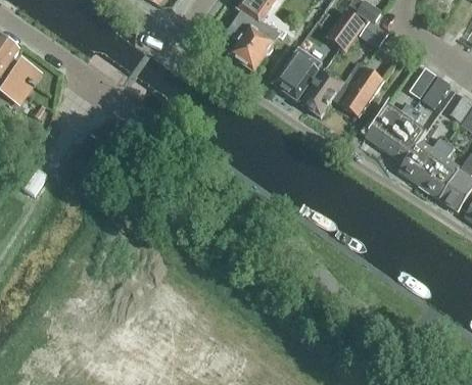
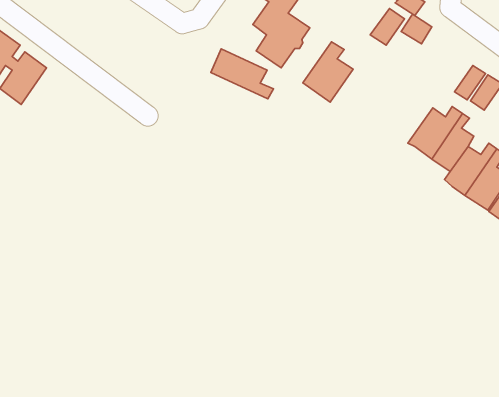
building: none -> [211,49,273,99]
building: [300,64,383,116] -> none

